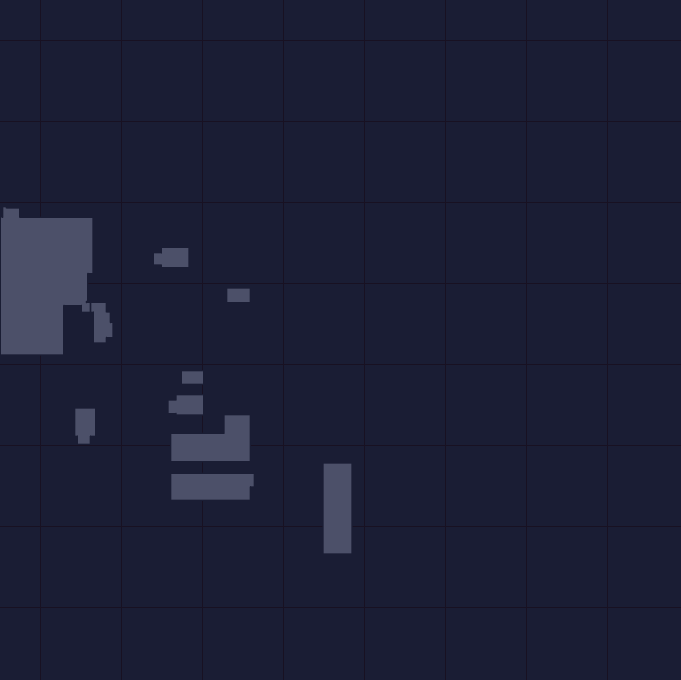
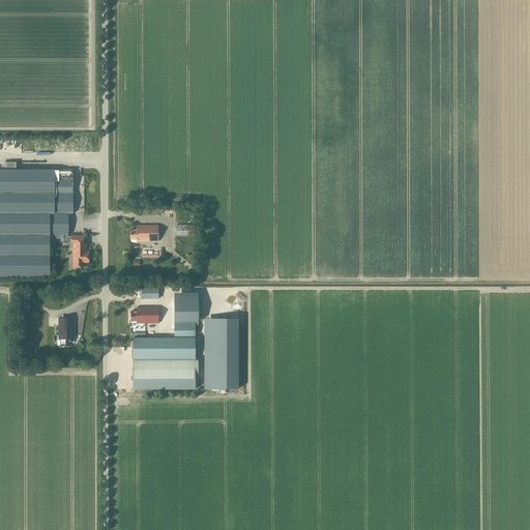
building: [153,248,189,268] -> [129,225,157,240]
building: none -> [174,300,198,321]
building: [323,463,352,554] -> [214,318,237,388]

